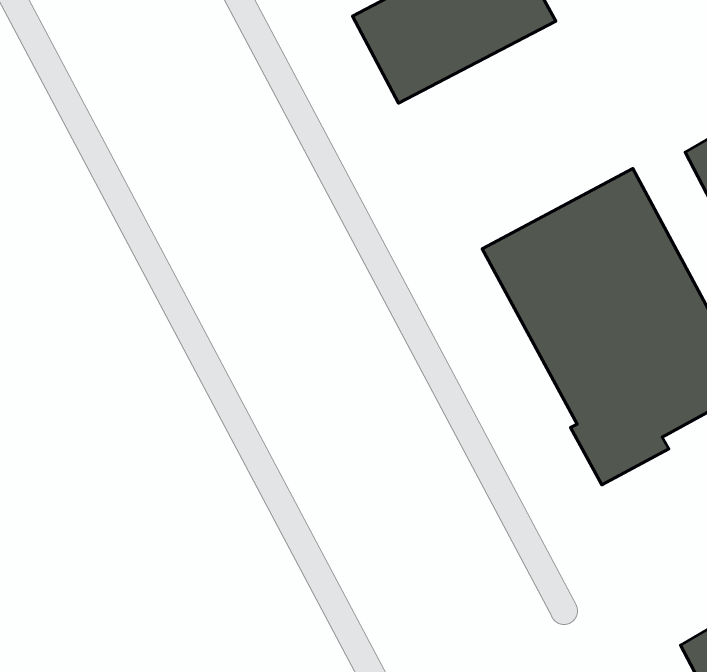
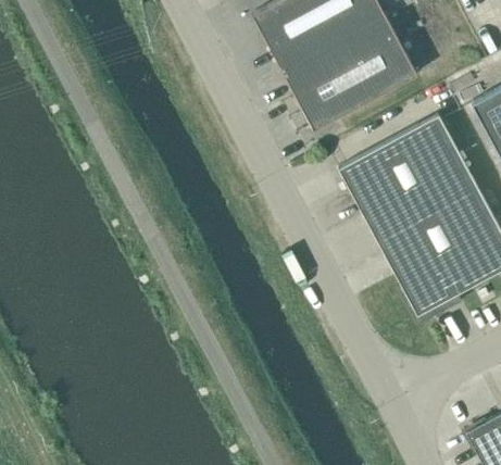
building: none -> [283,15,417,127]

